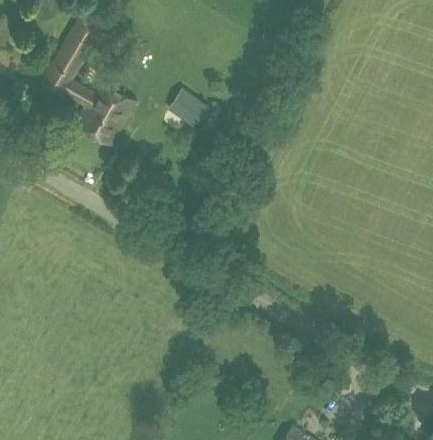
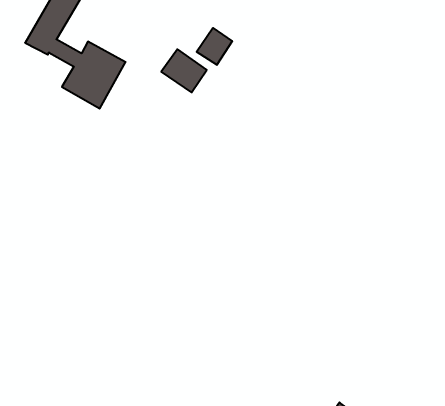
building: none -> [197,28,232,65]

